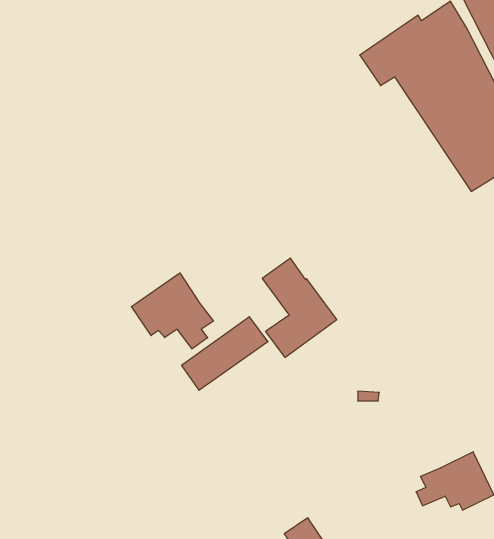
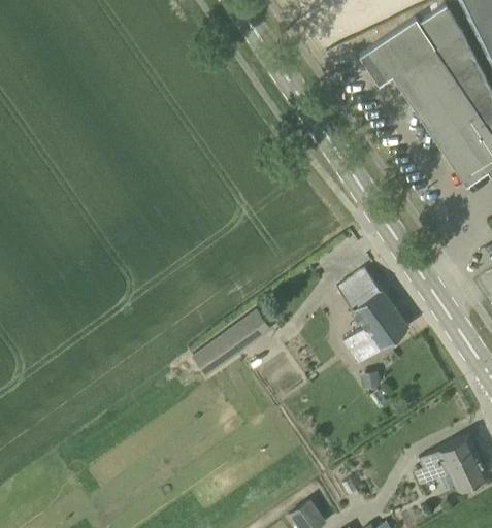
building: [262,258,337,357] -> [338,269,409,364]
building: [131,273,214,349] -> none

